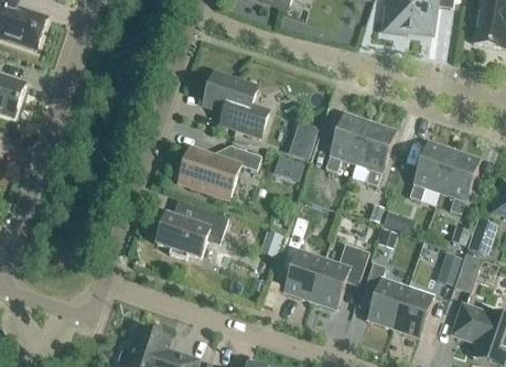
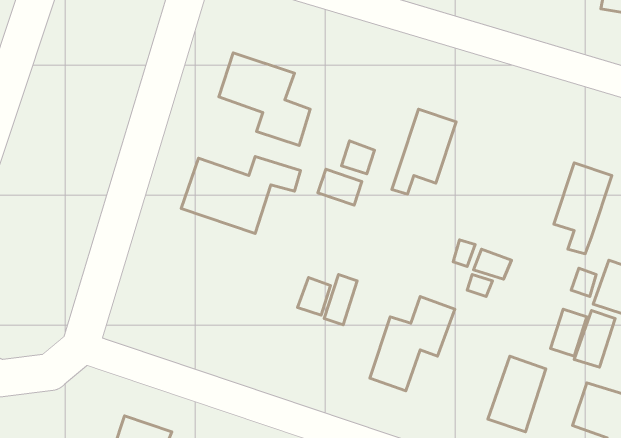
building: [356,121,396,185] -> none
building: [409,141,453,201] -> none
building: [157,206,228,259] -> none
building: [283,249,324,301] -> none
building: [364,262,408,330] -> none

